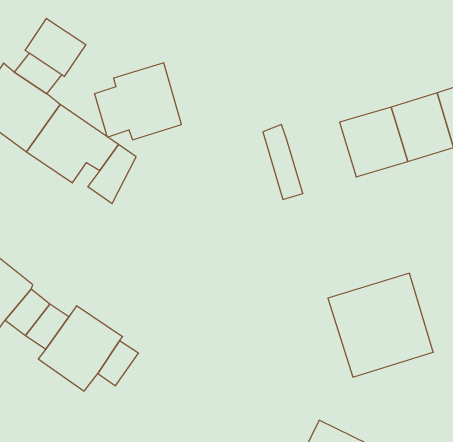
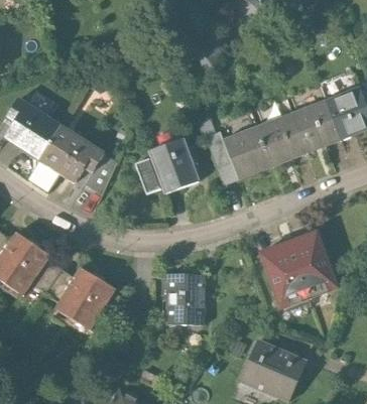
building: [25,18,86,77] -> none
building: [94,63,181,140] -> [135,137,199,193]
building: none -> [222,125,273,177]
building: none -> [168,274,204,322]

